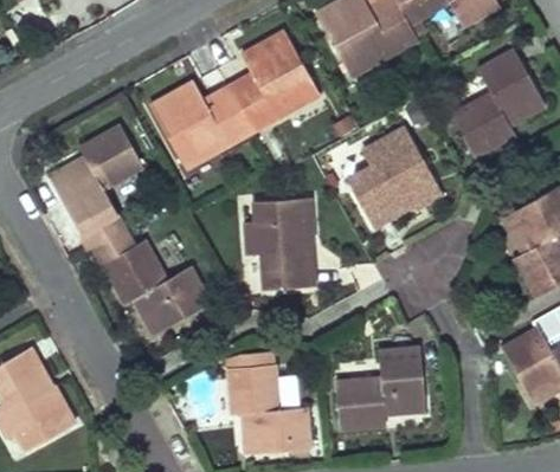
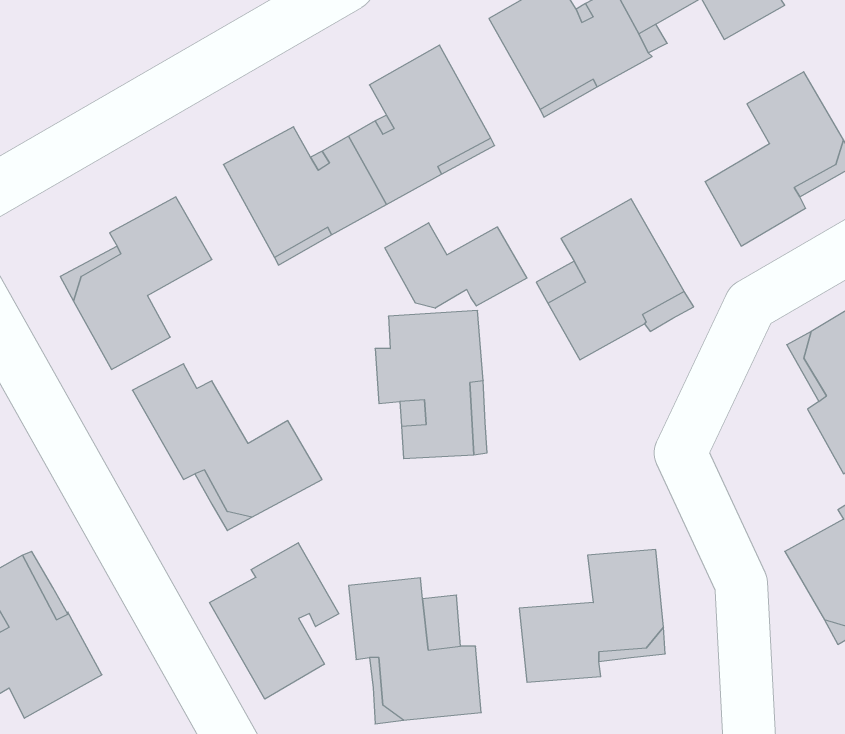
building: none -> [385,223,527,308]
building: none -> [210,543,339,699]

